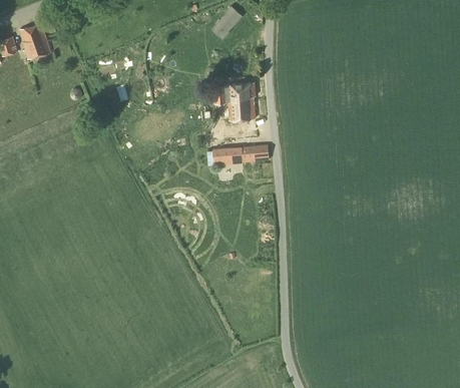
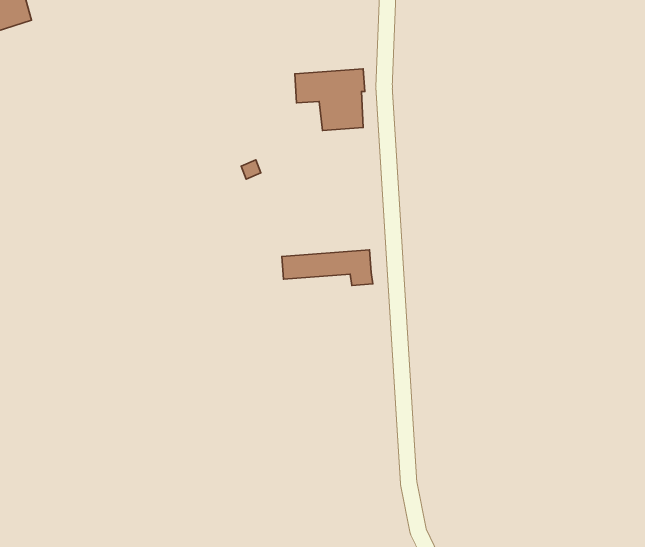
building: [212,144,269,166] -> [282,250,373,286]

